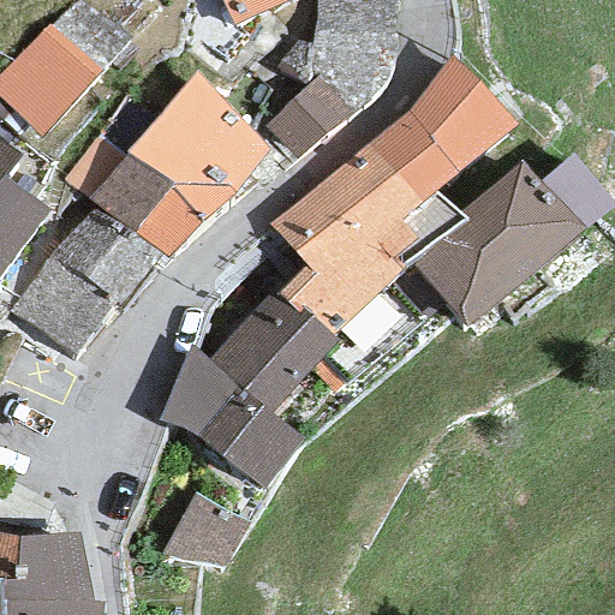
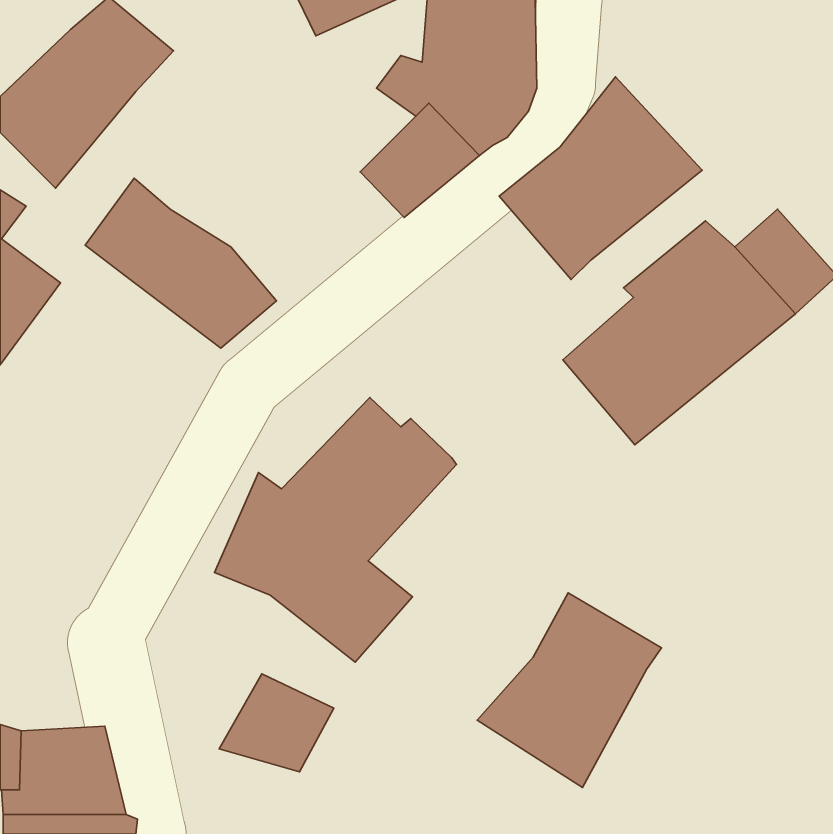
building: [127,70,270,221] -> none
building: [271,144,467,336] -> none
building: [8,203,165,352] -> none
building: none -> [477,593,661,788]

